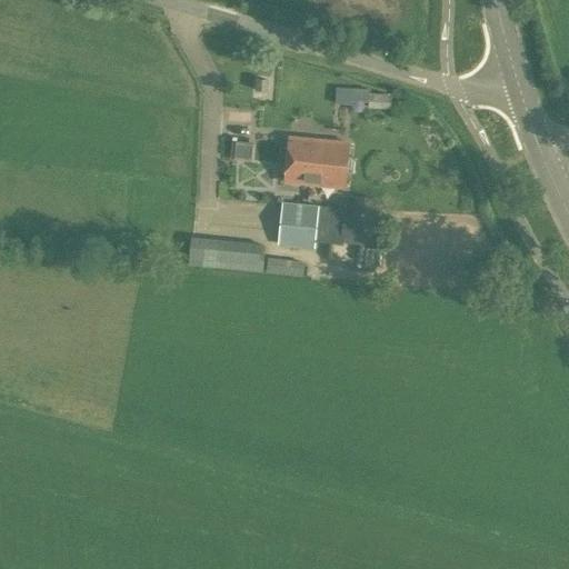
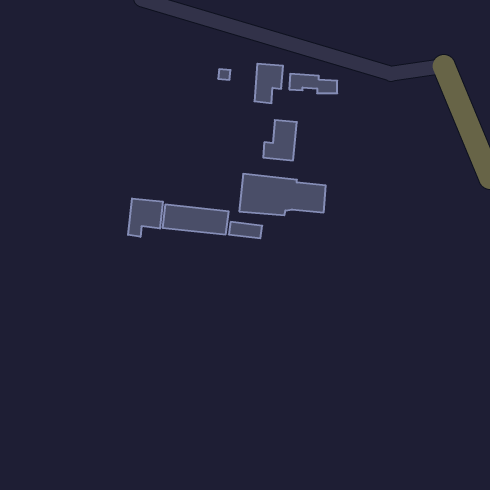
building: [284,137,318,182] -> [254,64,283,103]
building: none -> [128,198,163,237]

